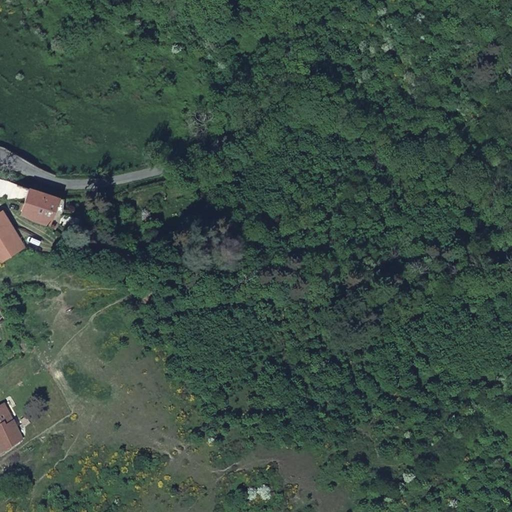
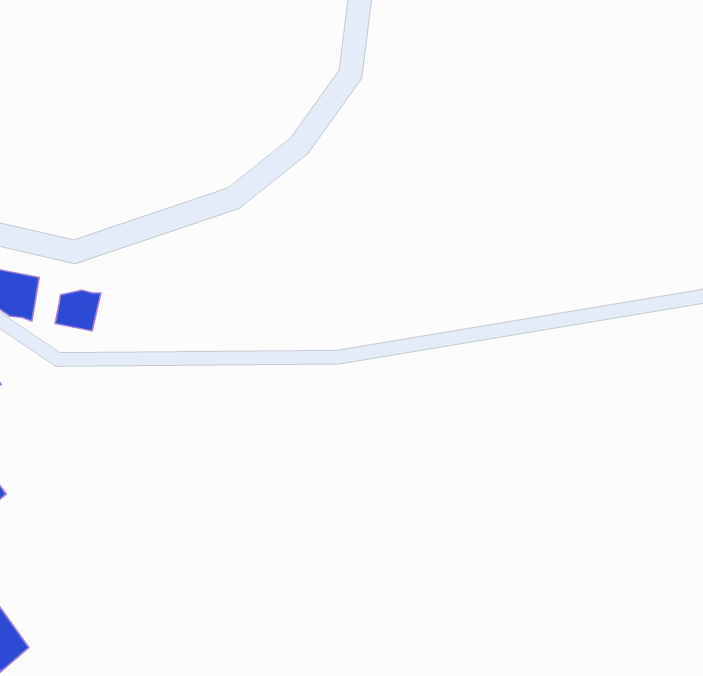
building: none -> [55,290,101,331]

